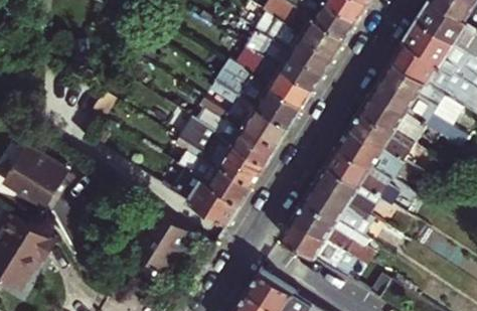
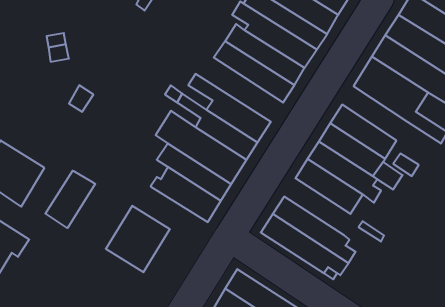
building: [216,57,303,125] -> none
building: [361,90,426,143] -> none
building: none -> [45,171,95,228]
building: [304,180,374,237] -> none

